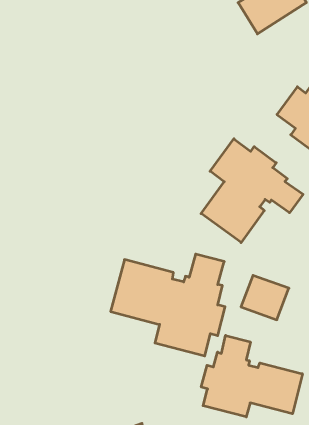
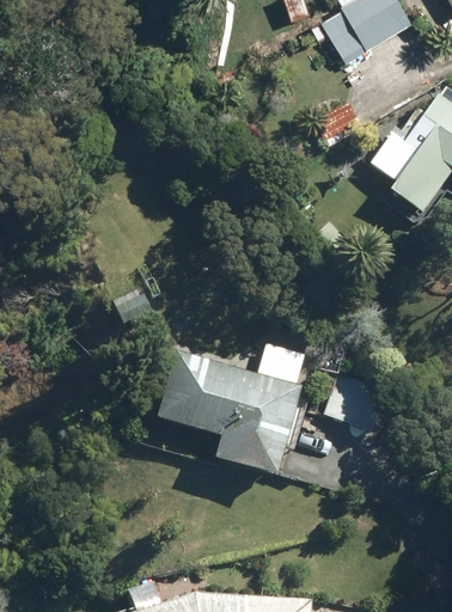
building: [201,139,303,243] -> none
building: [201,335,302,417] -> none

